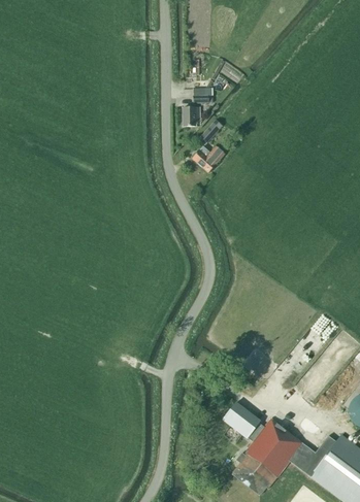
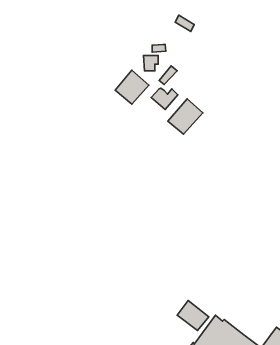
building: none -> [115,70,149,104]
building: none -> [168,99,203,134]

